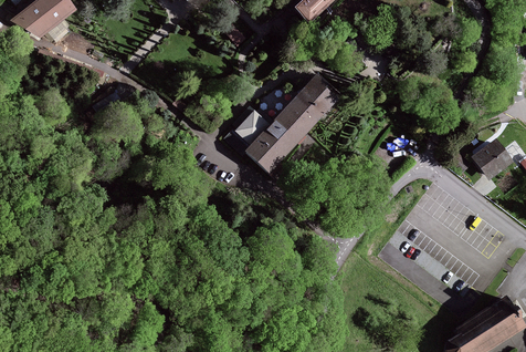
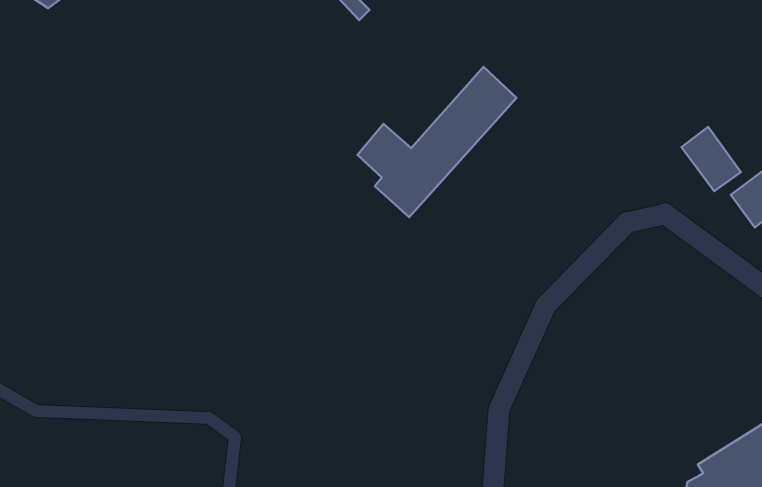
building: none -> [681,127,741,191]

